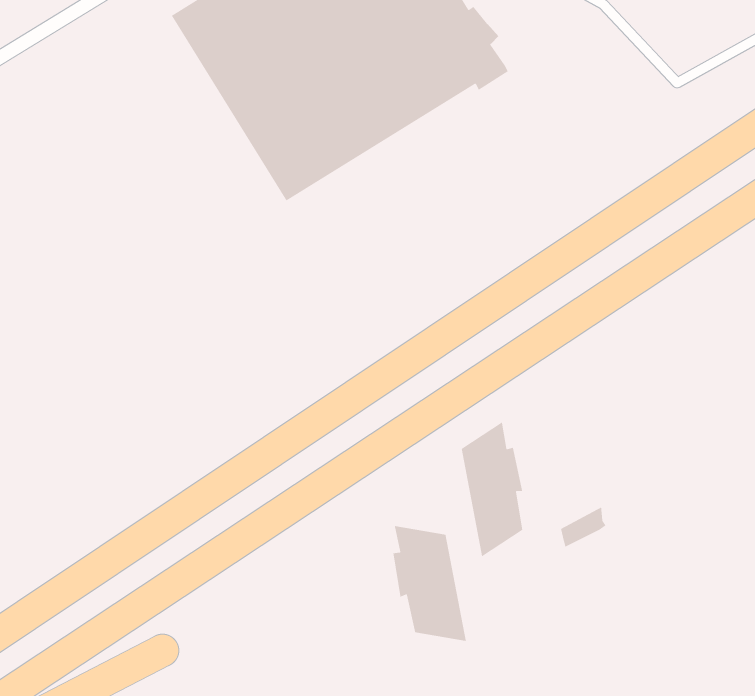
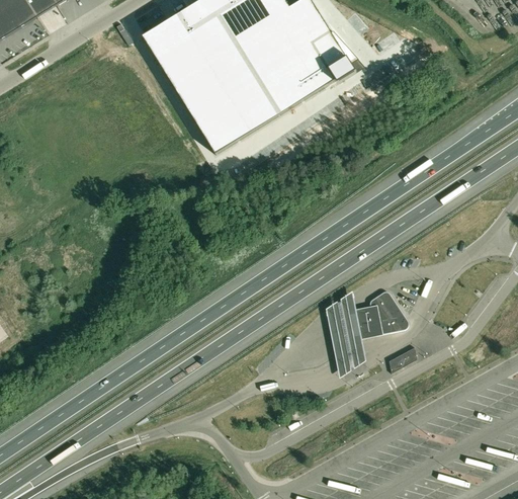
building: none -> [358,288,408,335]
building: [392,525,467,642] -> none

